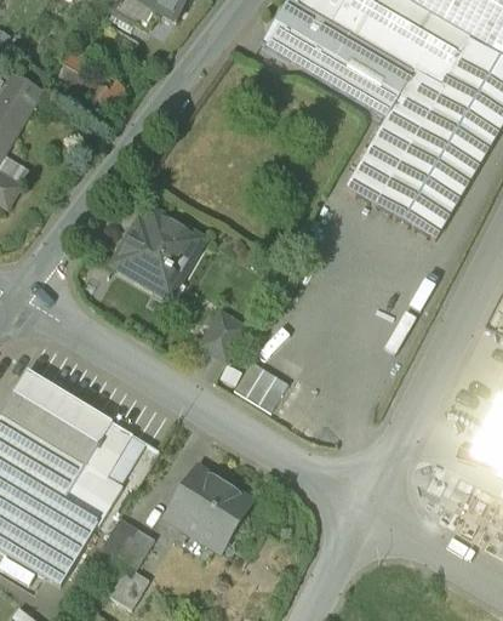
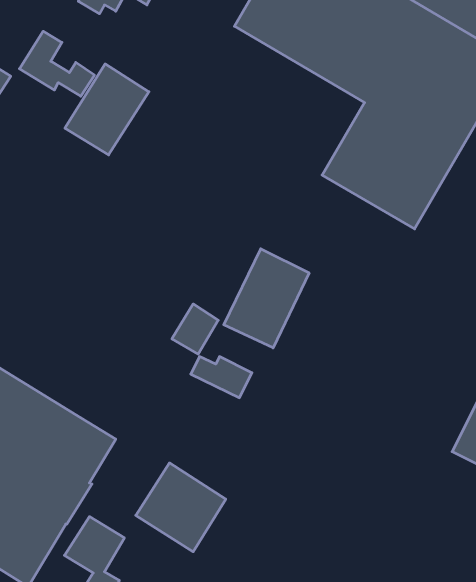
building: none -> [65,64,149,155]
building: [120,215,195,285] -> none
building: none -> [224,249,309,348]

